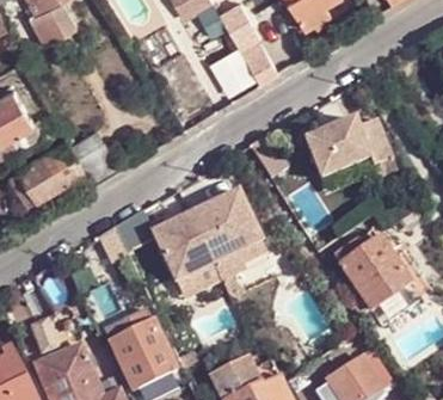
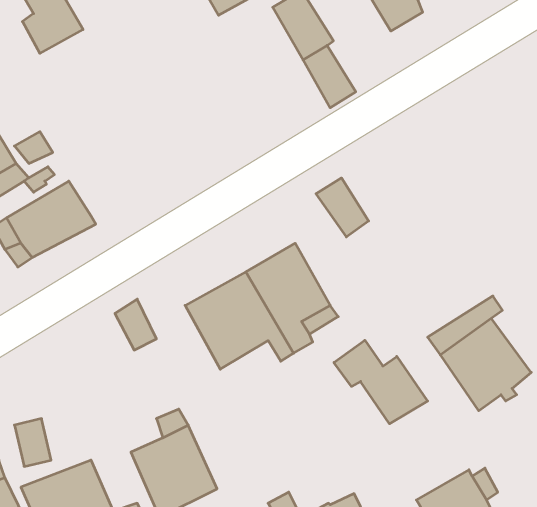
building: [204,43,248,90] -> none
building: [304,121,392,179] -> none
building: none -> [334,340,428,424]

